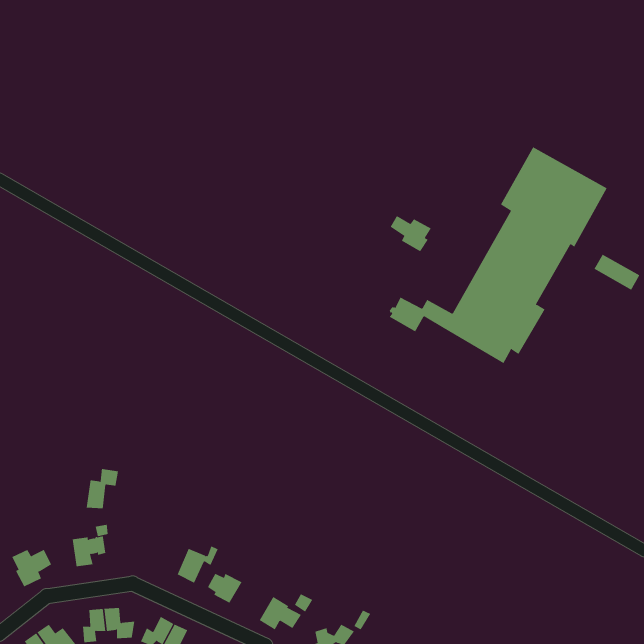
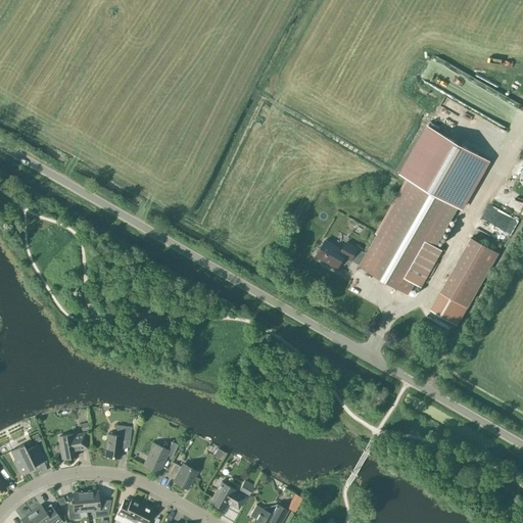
building: [390,215,431,252] -> none
building: none -> [429,239,497,326]
building: [86,469,119,509] -> [104,426,131,459]

